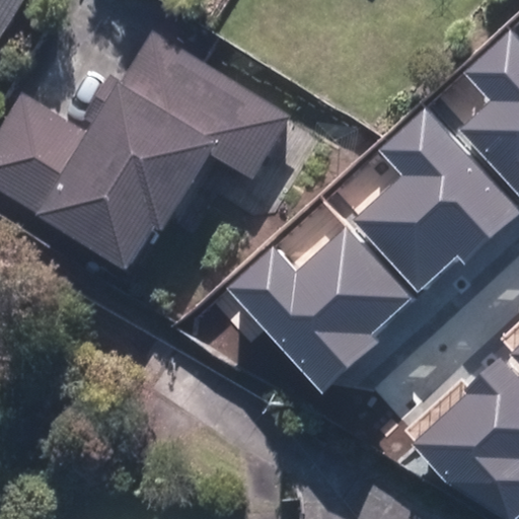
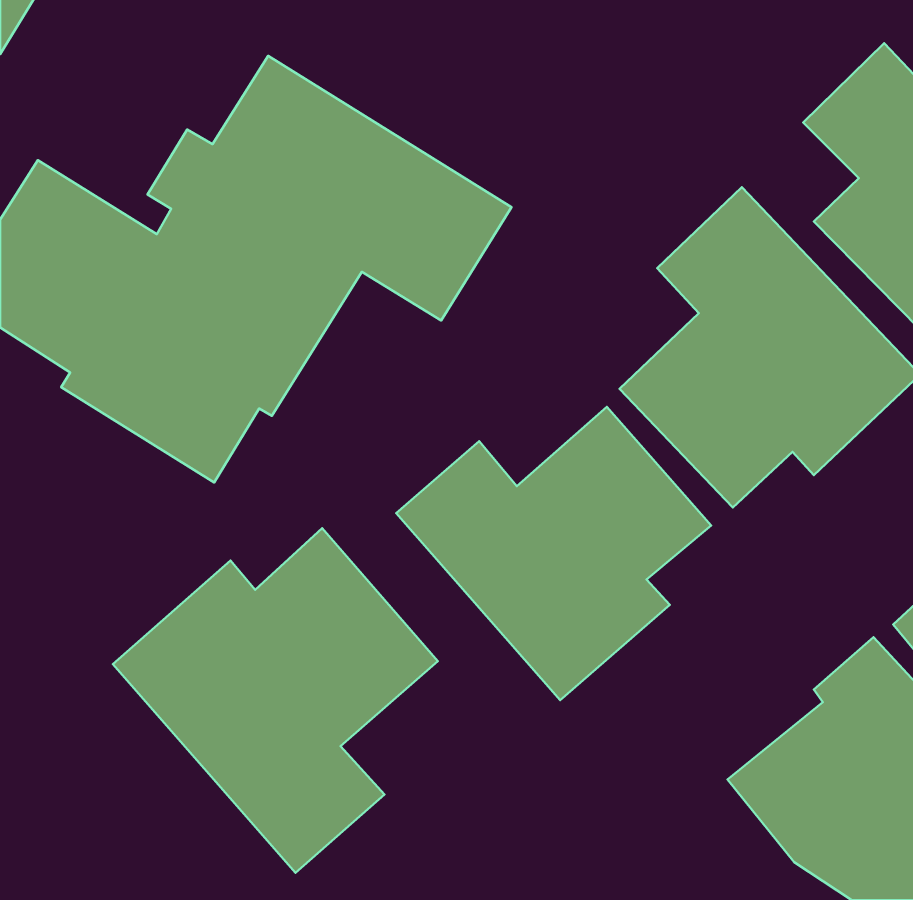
building: none -> [113,528,438,873]

